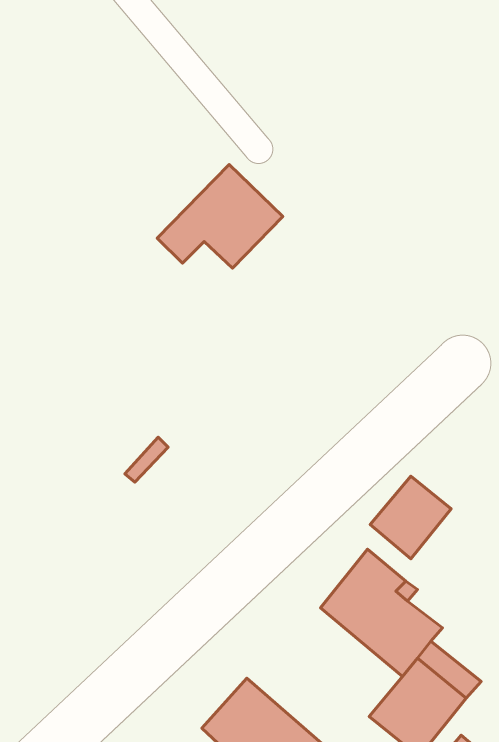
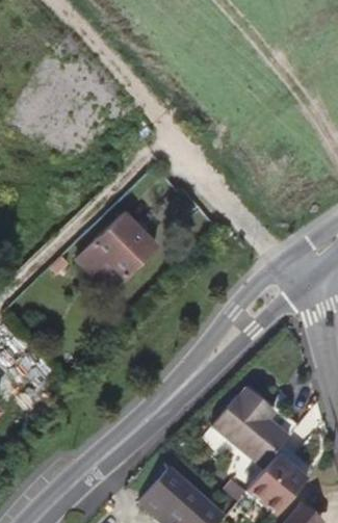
building: [157,165,283,268] -> [68,220,146,285]
building: [370,476,451,559] -> none

